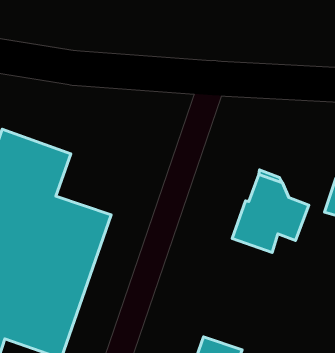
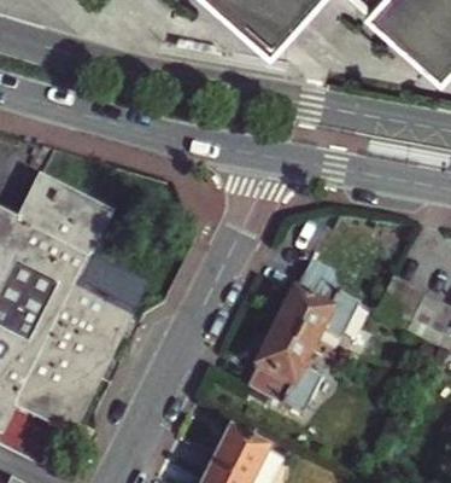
building: none -> [247,325,322,411]

